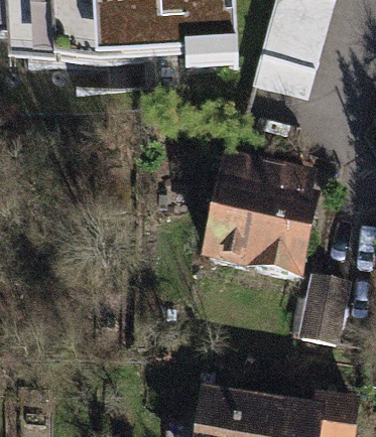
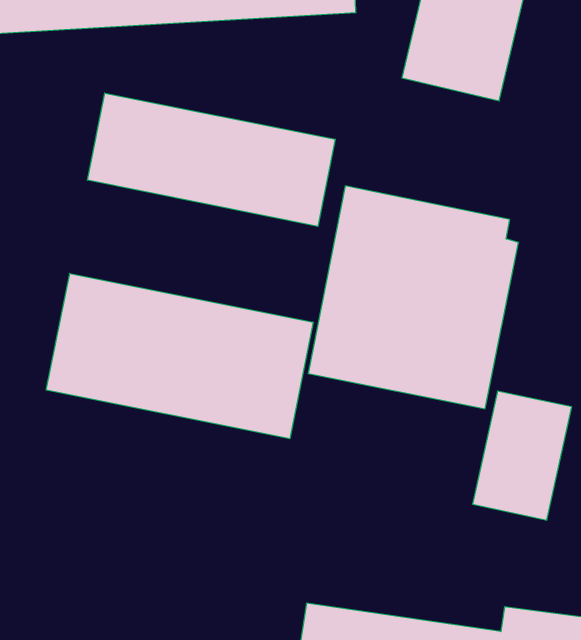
building: none -> [87,93,335,226]
building: none -> [46,273,313,439]

